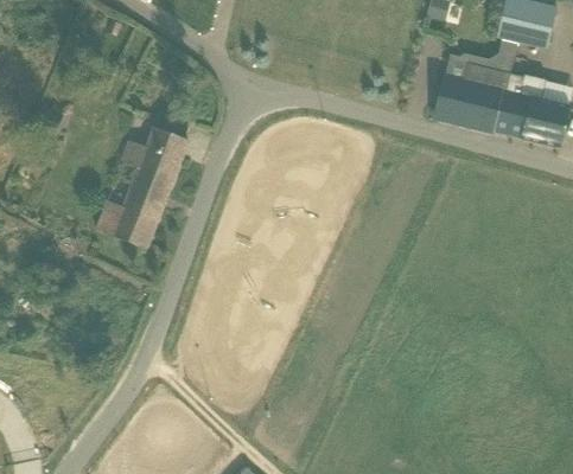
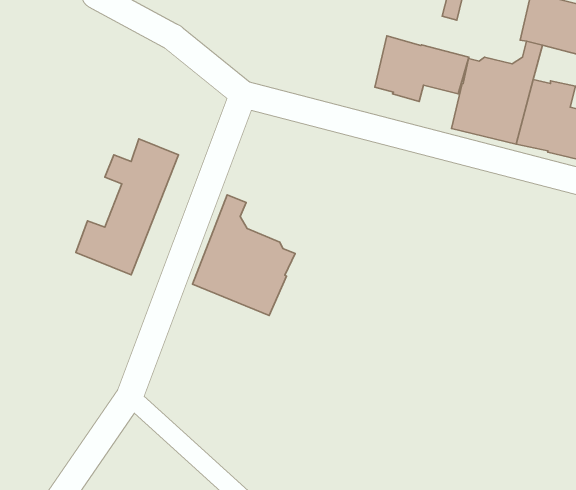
building: none -> [375,36,469,102]
building: none -> [192,195,295,316]

